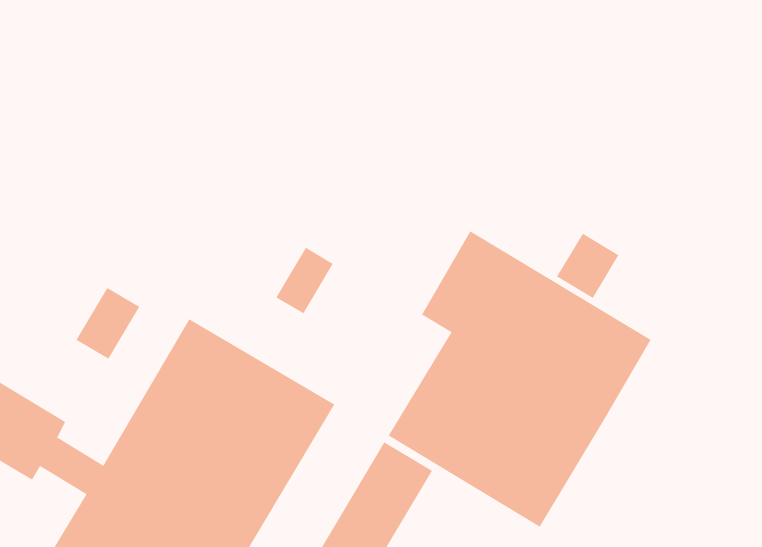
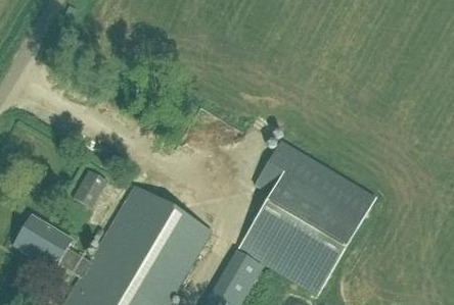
building: [556,233,619,299] -> none
building: [276,247,334,314] -> none

